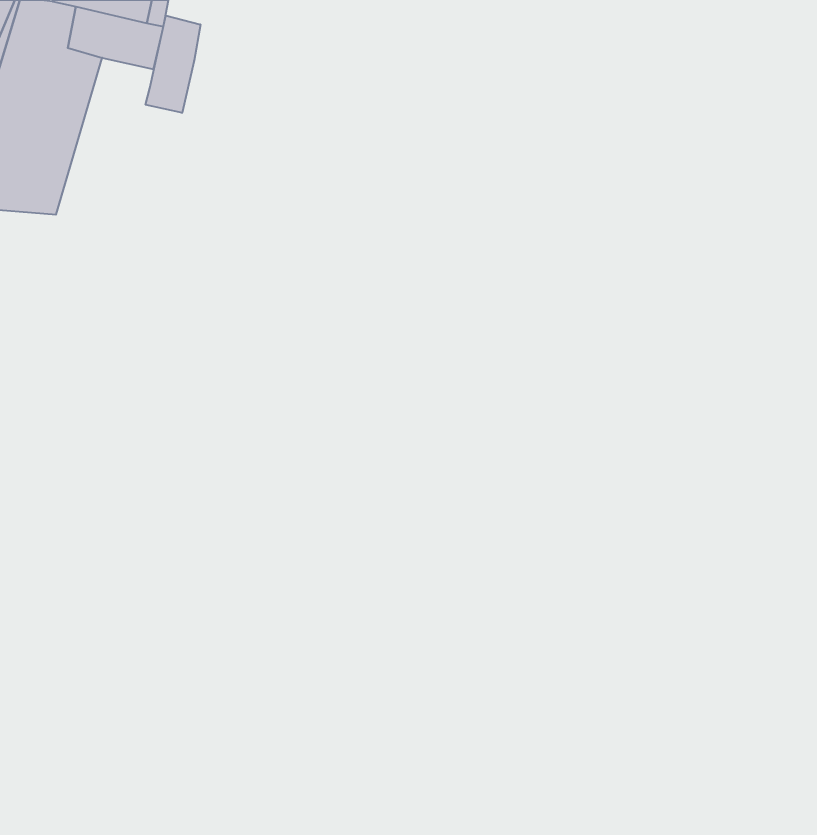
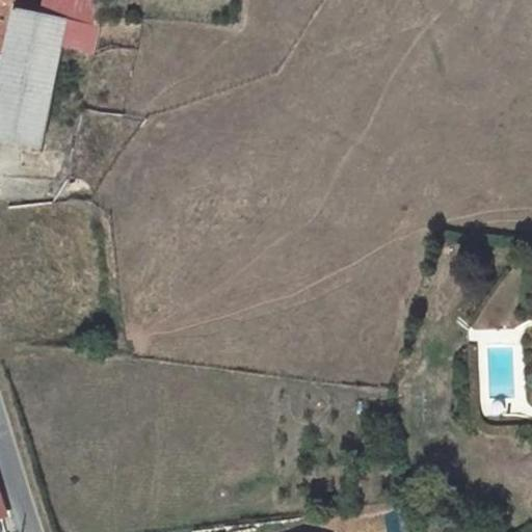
building: [146,15,200,113] -> none

